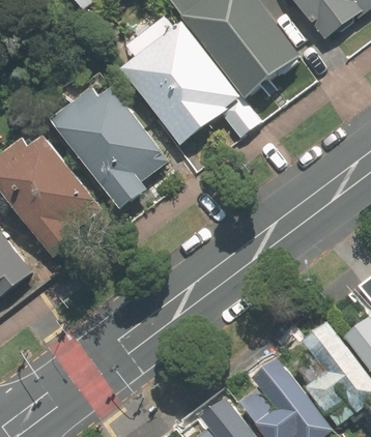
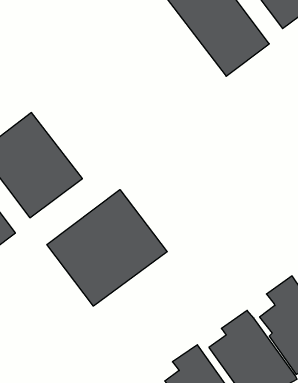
building: [129,34,233,143] -> none
building: [60,87,169,203] -> none
building: none -> [47,190,167,306]

